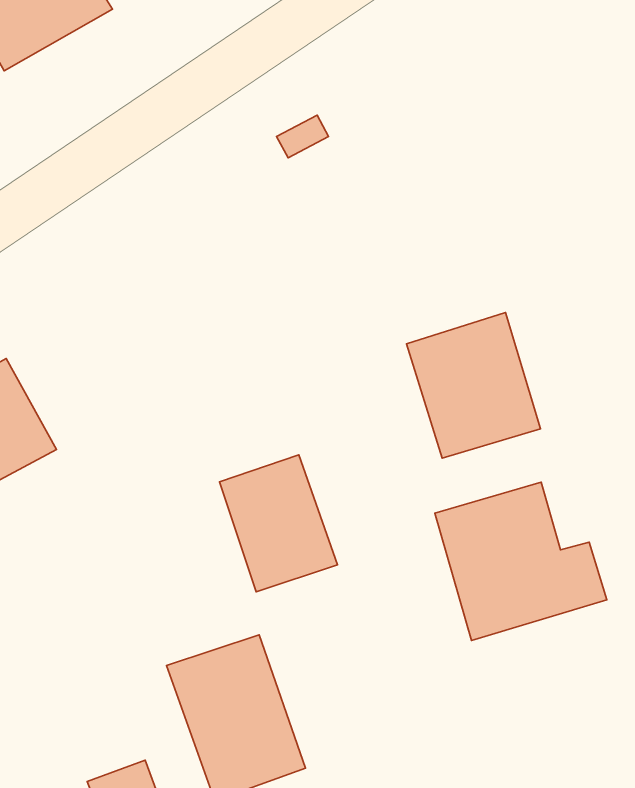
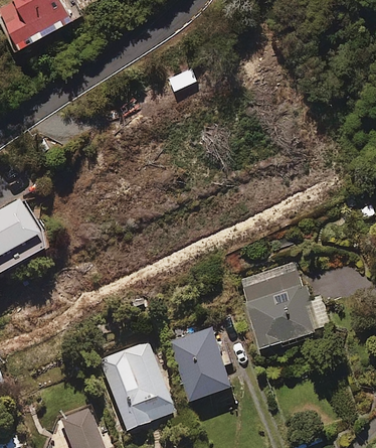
building: [407,312,540,458] -> none
building: [220,455,337,592] -> [171,326,232,398]

